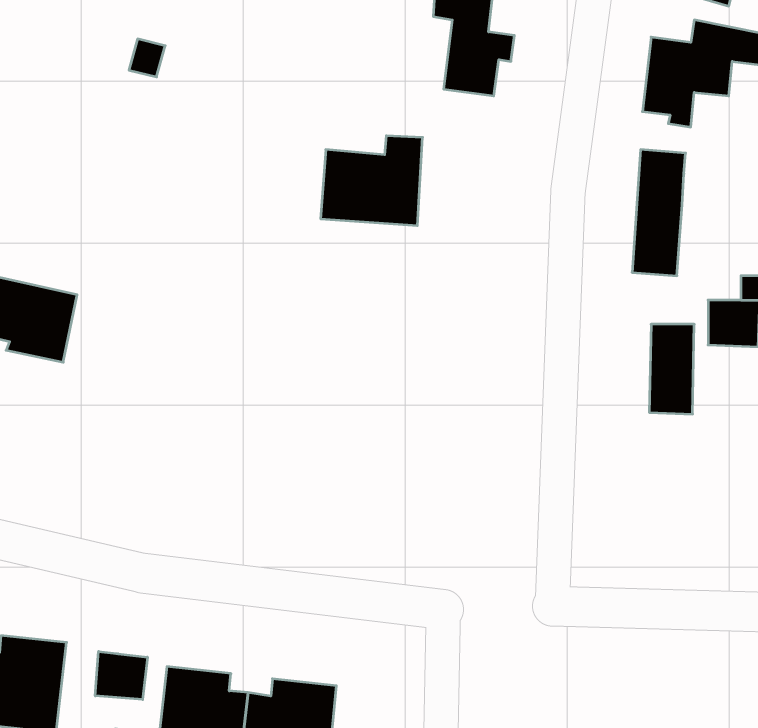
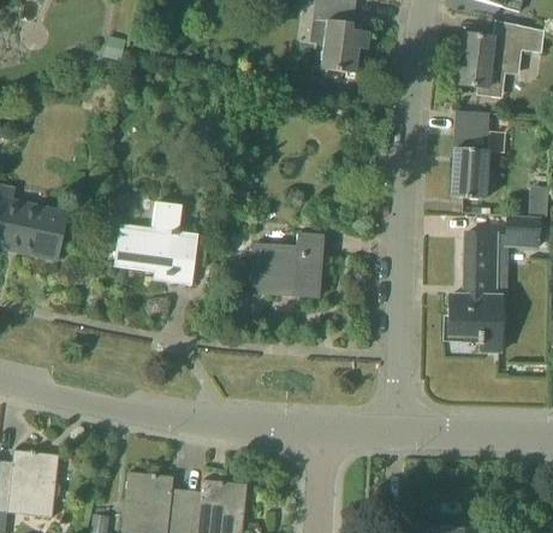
building: [321,136,423,226] -> [251,233,322,296]
building: none -> [114,201,198,284]
building: none -> [448,294,501,350]
building: [95,651,147,700] -> none

